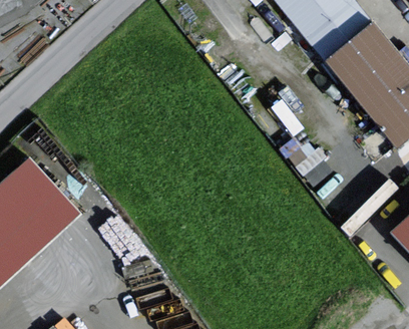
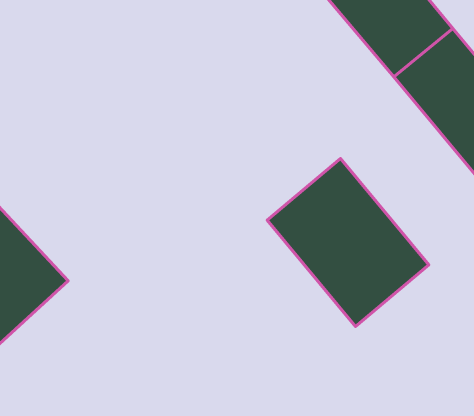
building: none -> [267,158,429,327]

